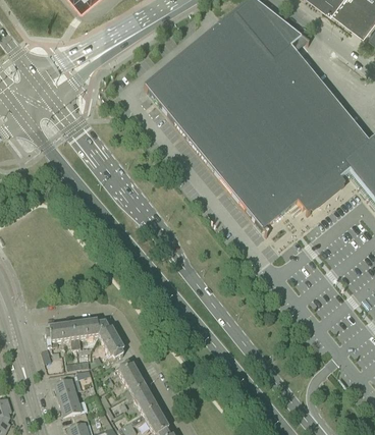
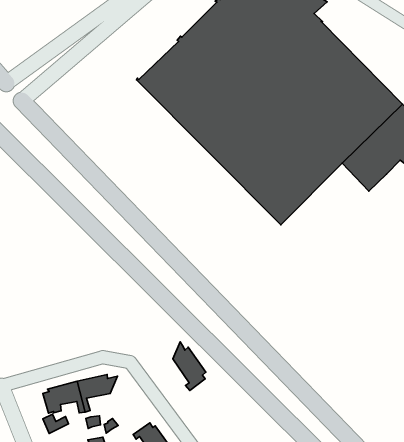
building: [249,167,322,228] -> none
building: [99,321,124,361] -> [173,342,206,390]

